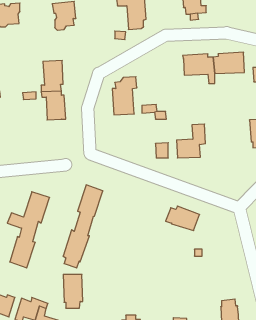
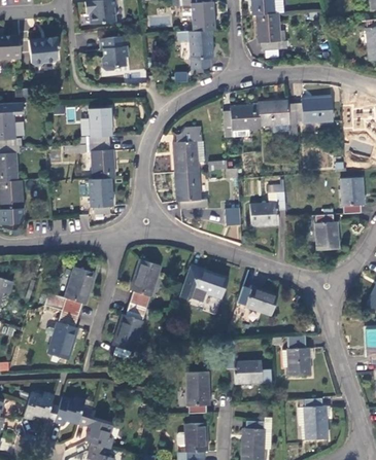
building: none -> [223,105,260,137]
building: none -> [174,172,206,208]
building: none -> [89,178,113,214]
building: none -> [314,214,339,249]
building: none -> [180,266,229,302]
building: none -> [286,334,310,376]
building: none -> [226,351,271,385]
building: [63,274,83,308] -> [185,371,209,413]

